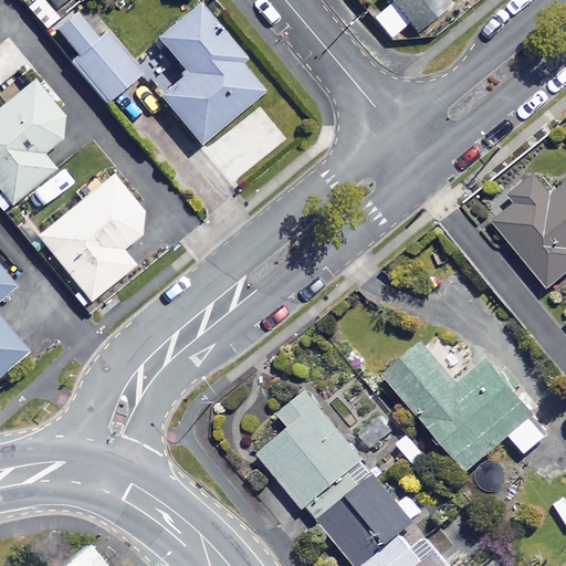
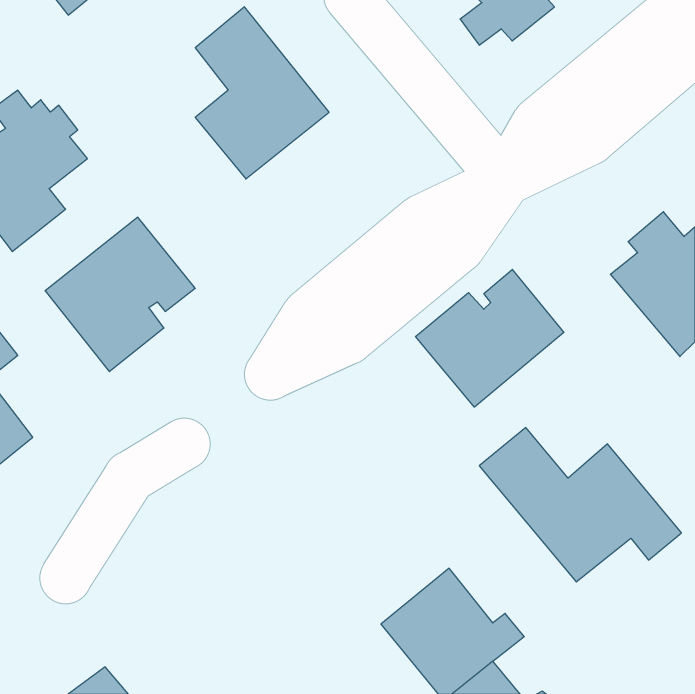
building: [54,12,138,101] -> none
building: none -> [416,269,564,407]
building: [259,390,364,509] -> none

